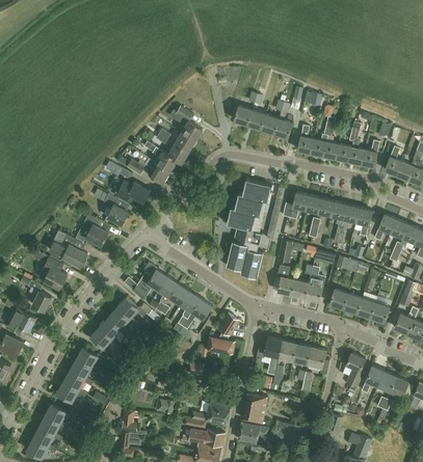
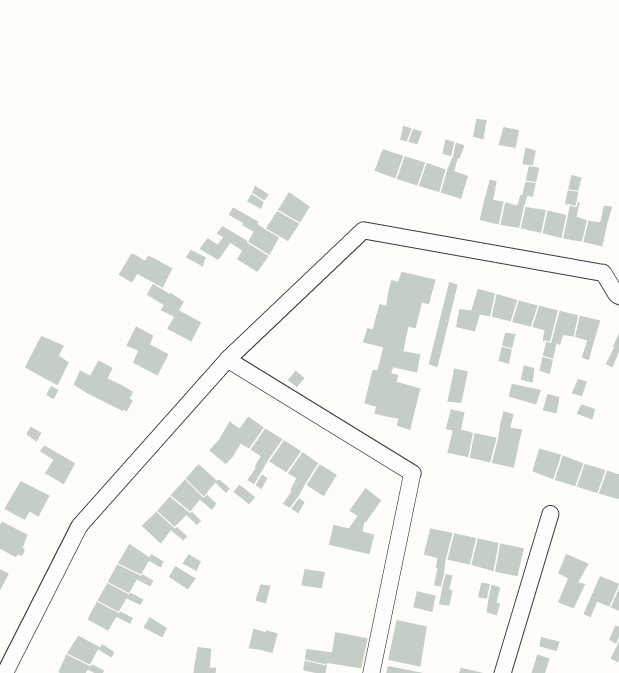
building: [168,106,202,141] -> none
building: [115,181,150,202] -> [117,253,173,289]
building: [37,257,65,289] -> [24,335,70,386]

